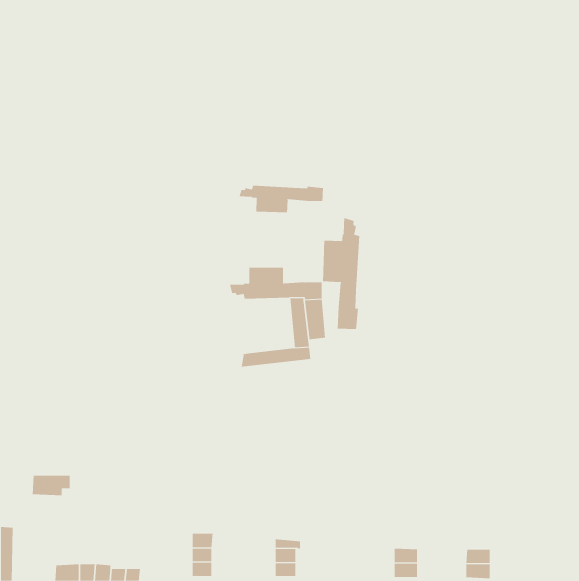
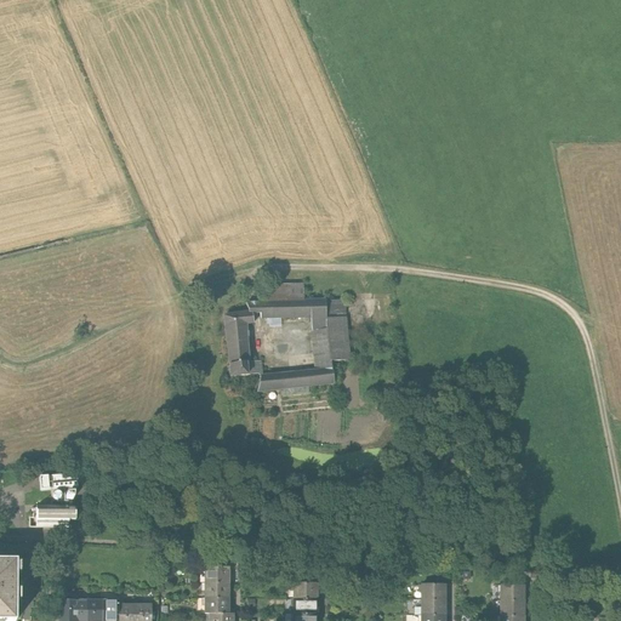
building: [239,185,323,213] -> none
building: [322,217,360,330] -> none
building: none -> [226,313,263,378]

